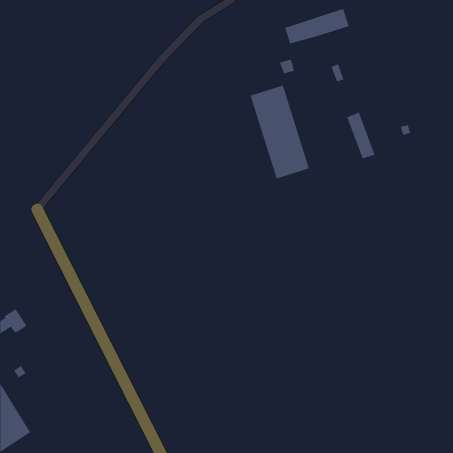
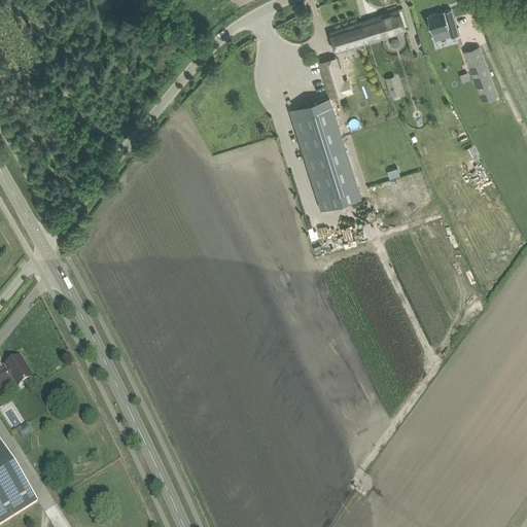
building: none -> [426,9,457,41]
building: [346,112,376,159] -> [463,46,497,102]

